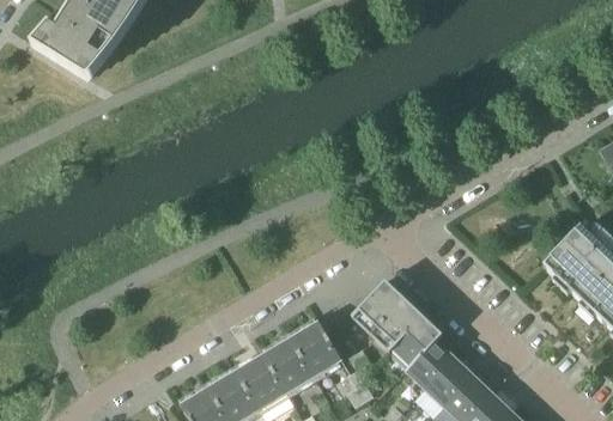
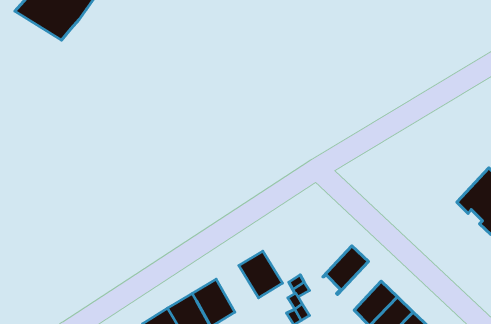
building: [350,277,421,349] -> none
building: [405,331,455,388] -> none
building: [265,336,314,390] -> none

